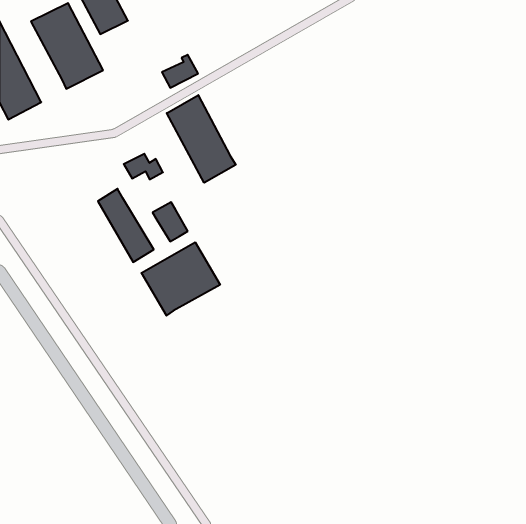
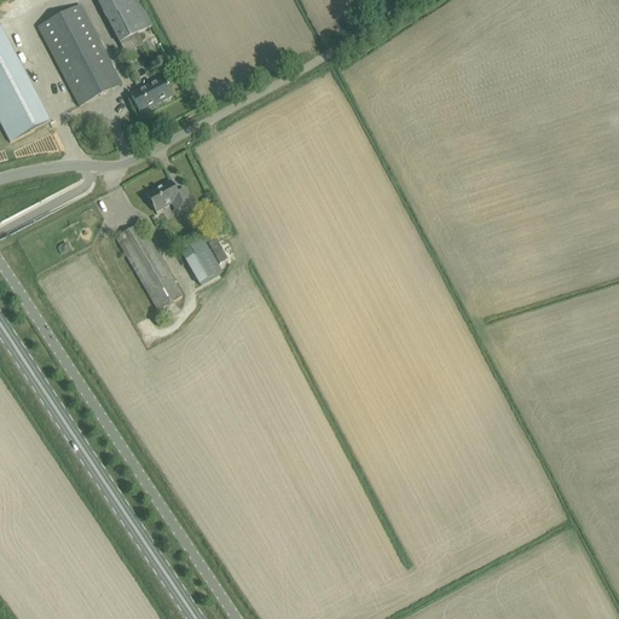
building: [162,55,198,88] -> [129,73,172,111]
building: [167,95,236,183] -> none
building: [141,242,220,316] -> none

